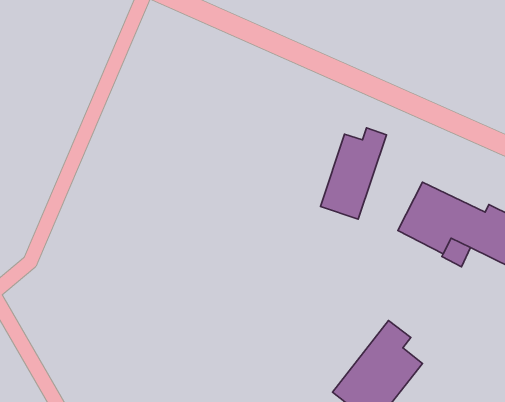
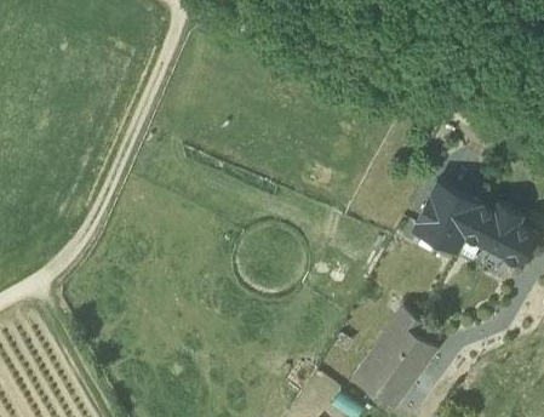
building: [320,128,386,219] -> none

